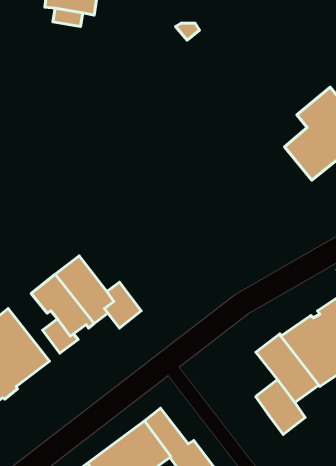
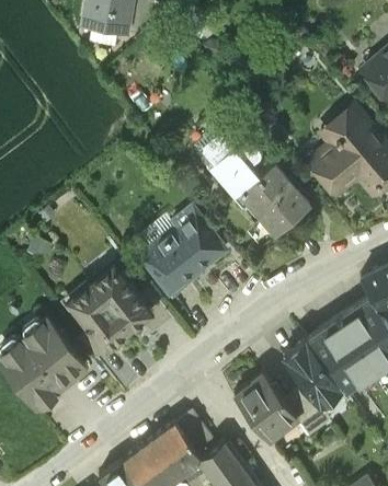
building: none -> [194,122,309,234]
building: none -> [140,209,224,296]
building: none -> [232,374,295,442]

